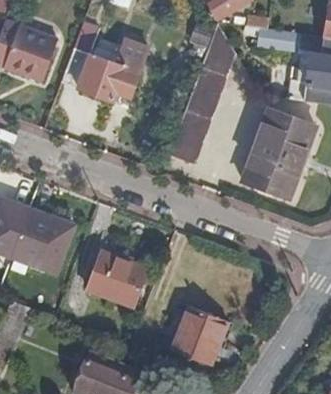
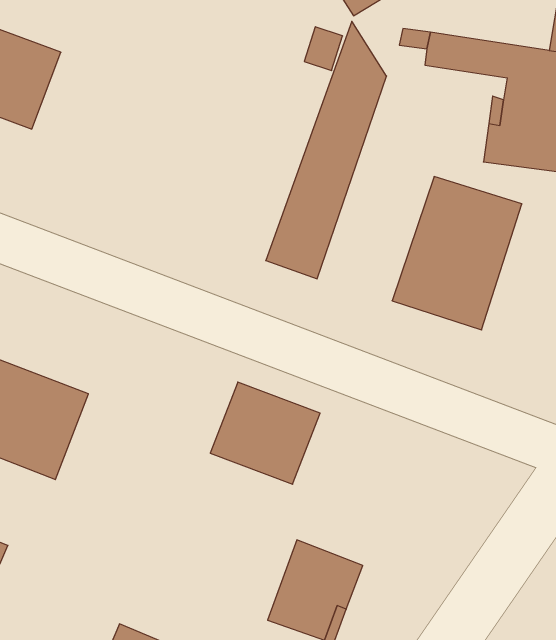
building: [62,20,150,100] -> none
building: [87,251,147,307] -> [210,382,320,484]

